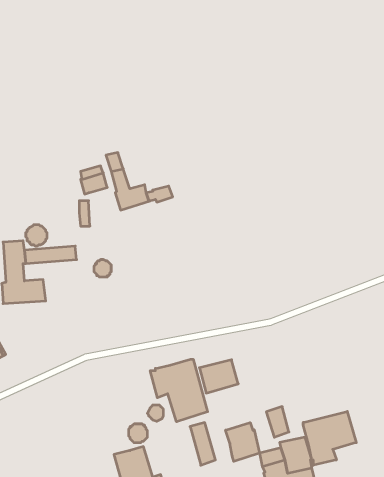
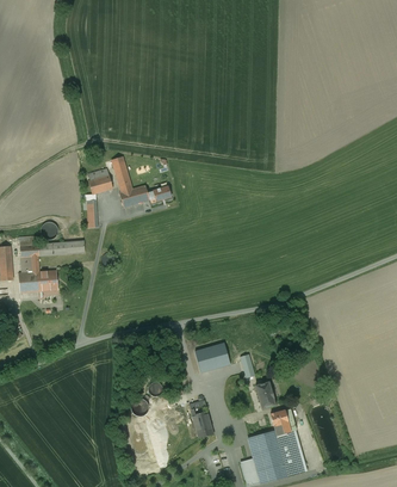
building: [150,359,208,422] -> none
building: [303,411,356,465] -> none
building: [226,423,260,461] -> none

